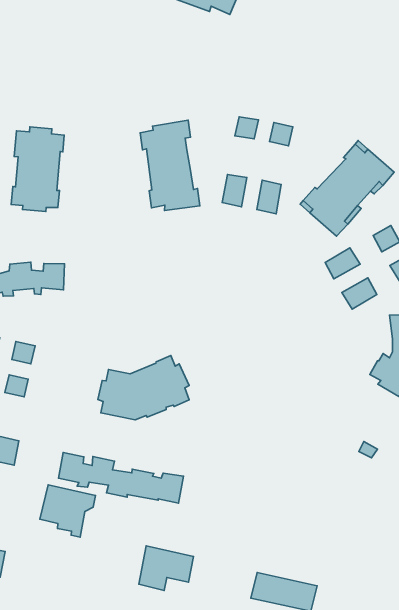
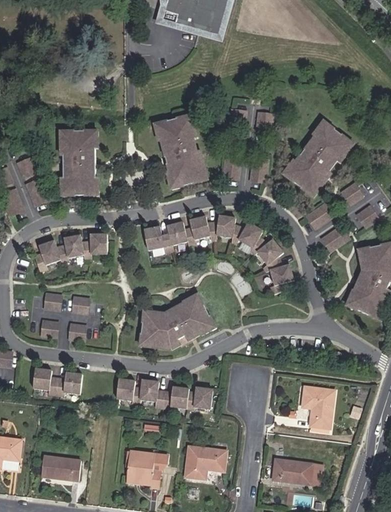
building: none -> [144,216,295,294]
building: none -> [301,386,333,427]
building: [40,485,95,537] -> [125,449,166,487]

